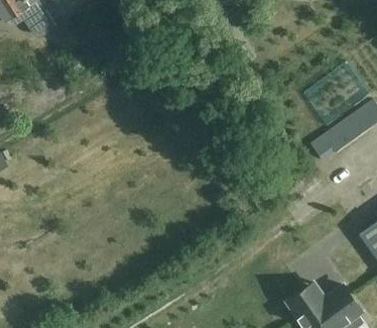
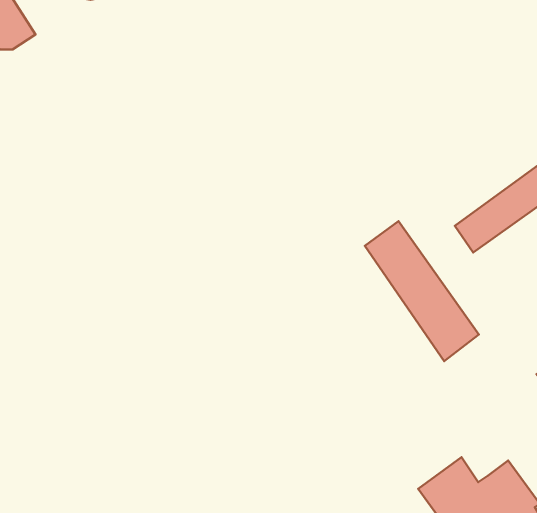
building: none -> [365,221,479,361]

